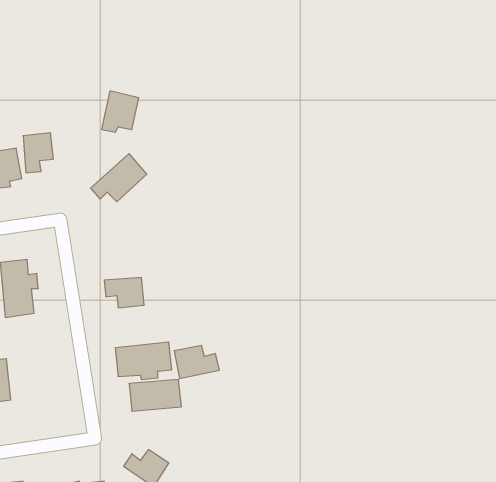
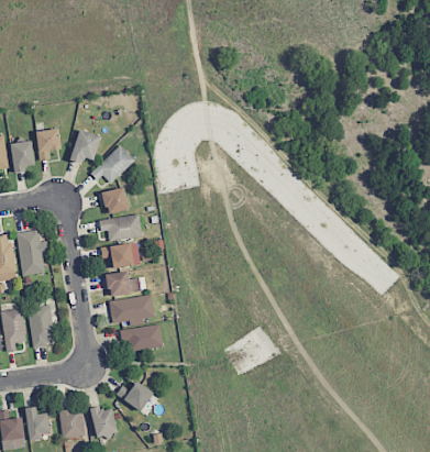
building: [102,91,139,132] -> [70,130,100,163]
building: none -> [103,189,128,213]
building: none -> [100,214,143,241]
building: [174,345,219,378] -> [106,271,142,297]
building: none -> [29,305,56,346]

